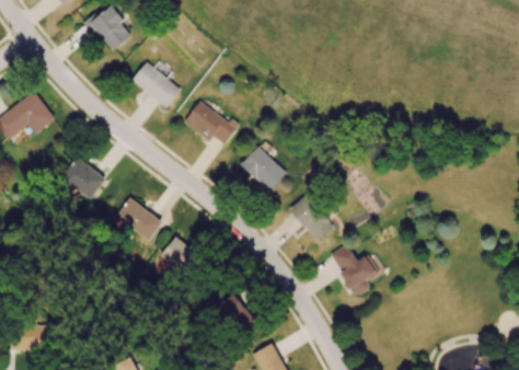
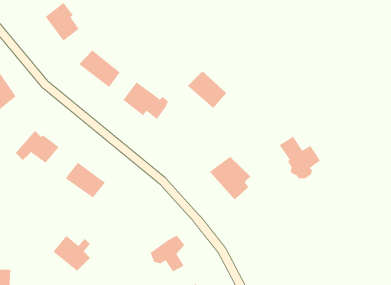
building: [238,146,286,192] -> [187,70,227,109]
building: [158,236,204,280] -> [53,235,91,272]
building: [328,243,379,294] -> [279,136,321,179]

